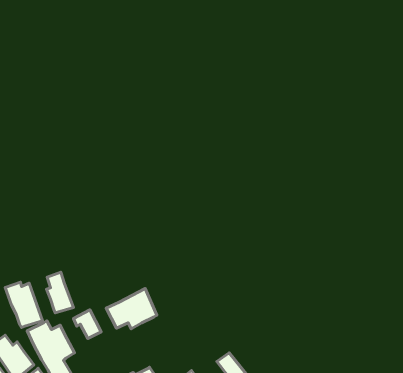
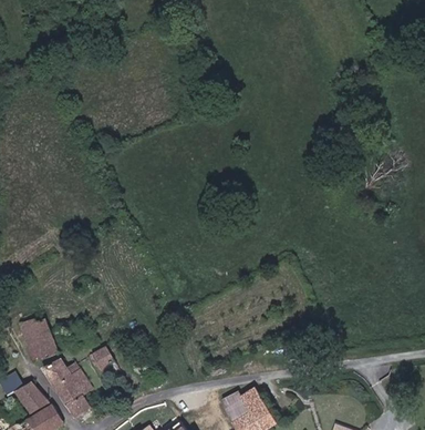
building: [46,272,73,313] -> none
building: [106,289,157,329] -> none

